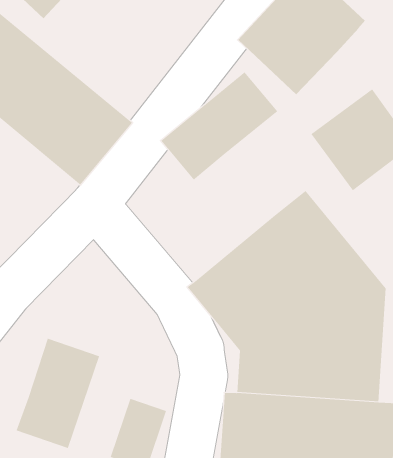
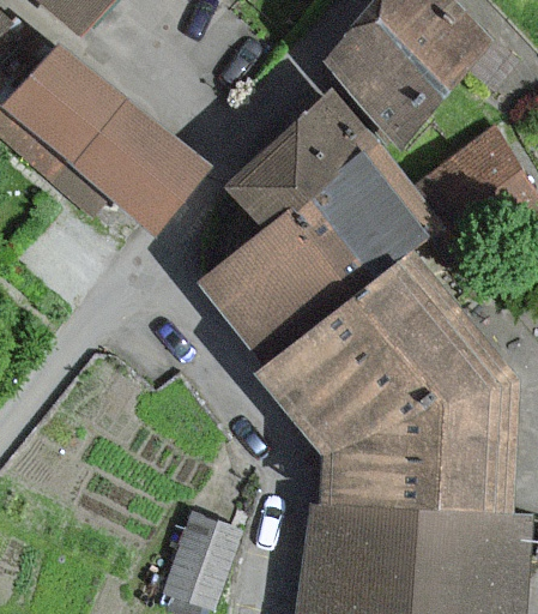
building: none -> [208,152,439,367]
building: [16,338,100,449] -> none

